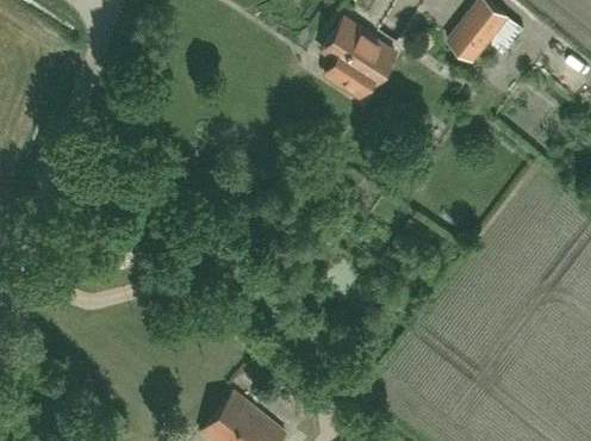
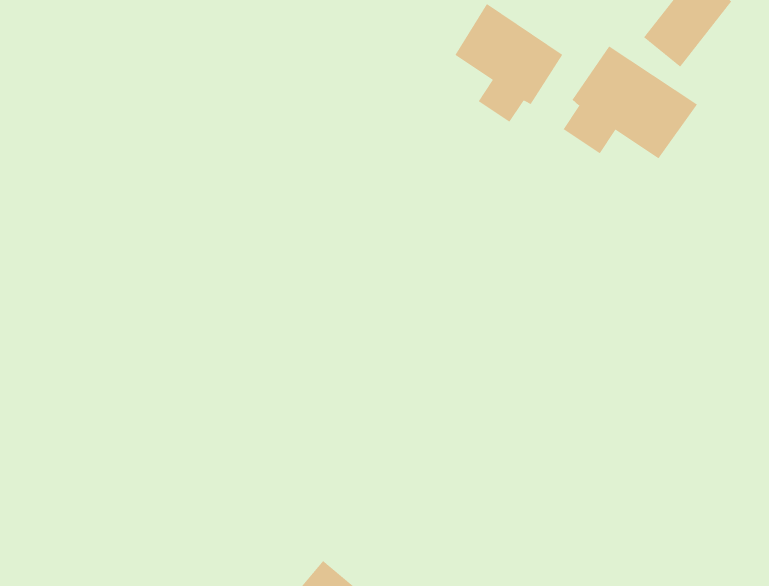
building: none -> [563,46,698,159]

